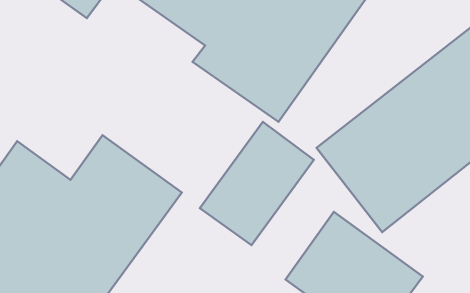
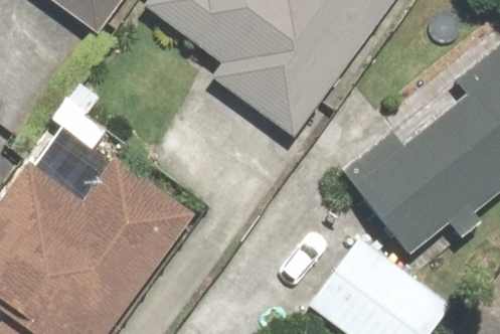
building: [200,122,314,245] -> none

